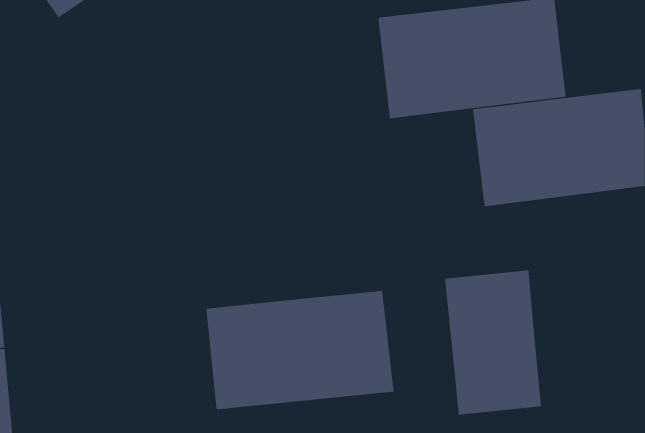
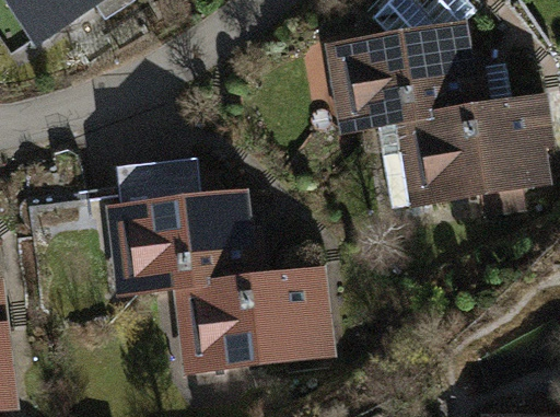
building: none -> [104,185,258,291]
building: [444,269,542,416] -> none

